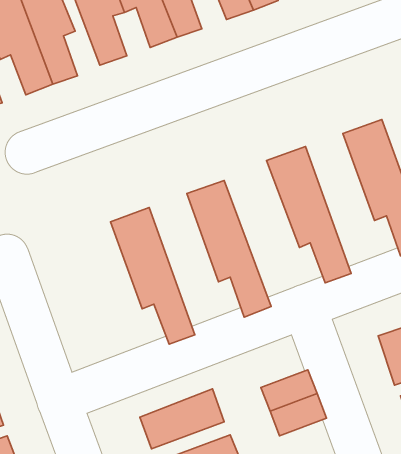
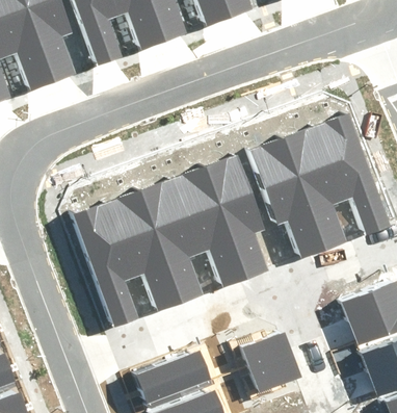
building: none -> [280,124,343,248]
building: none -> [208,153,271,277]
building: none -> [141,177,205,302]
building: none -> [73,202,138,327]

